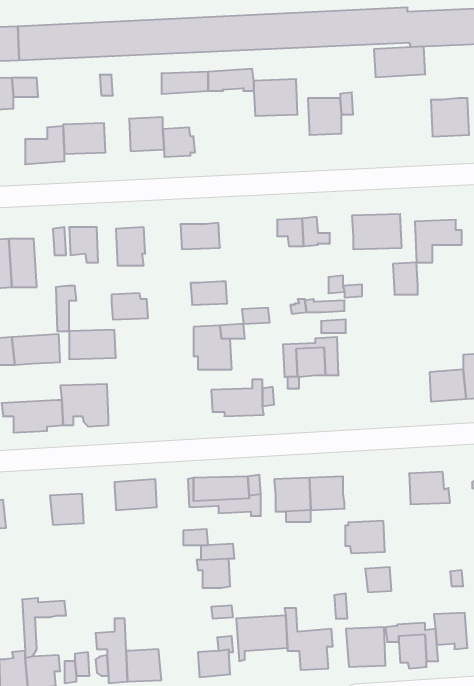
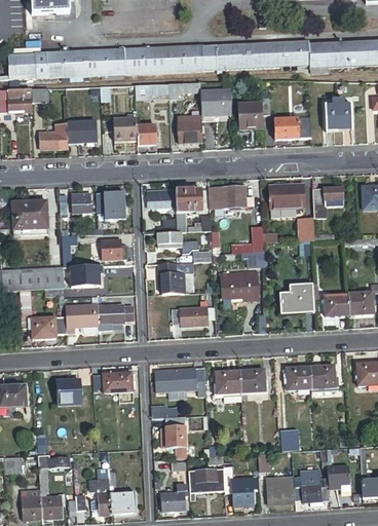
building: [374,46,425,77] -> [274,117,310,139]
building: none -> [176,115,201,142]
building: none -> [176,189,211,231]
building: none -> [278,281,314,309]
building: none -> [98,303,123,327]
building: [345,521,385,553] -> [282,366,310,388]

